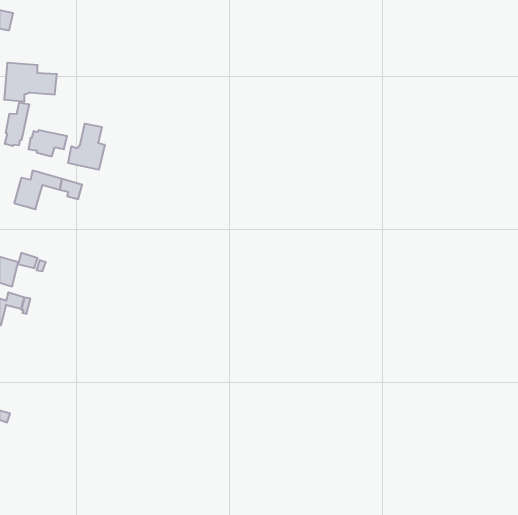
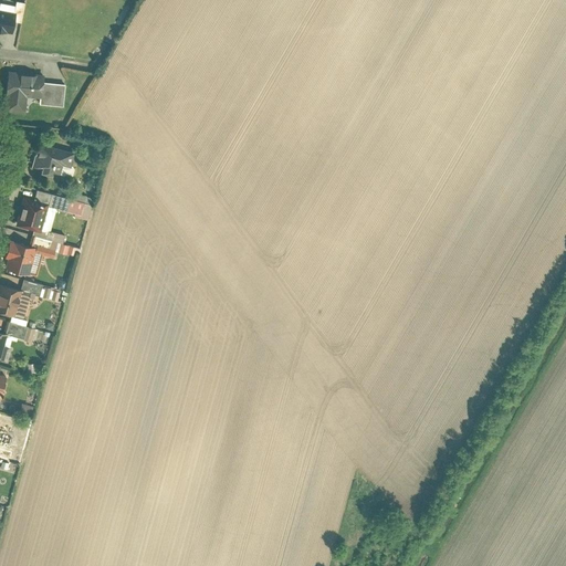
building: [5,102,29,146] -> none
building: [68,124,105,170] -> none
building: none -> [4,235,55,276]

